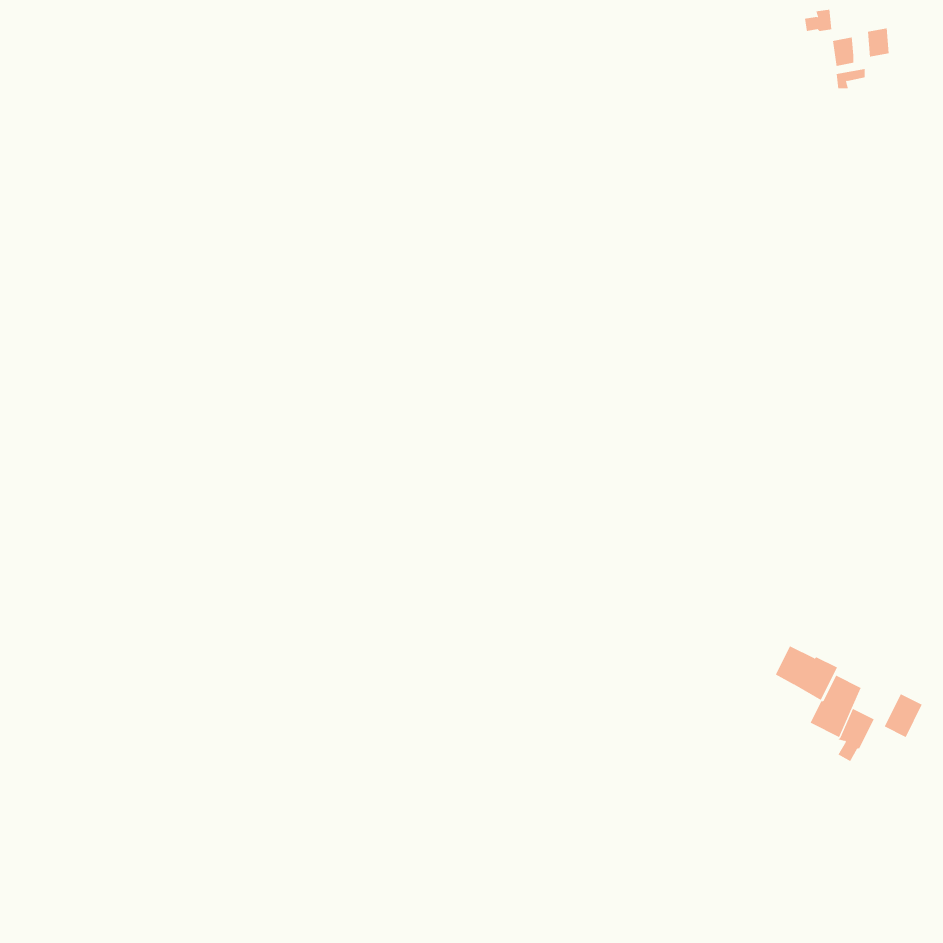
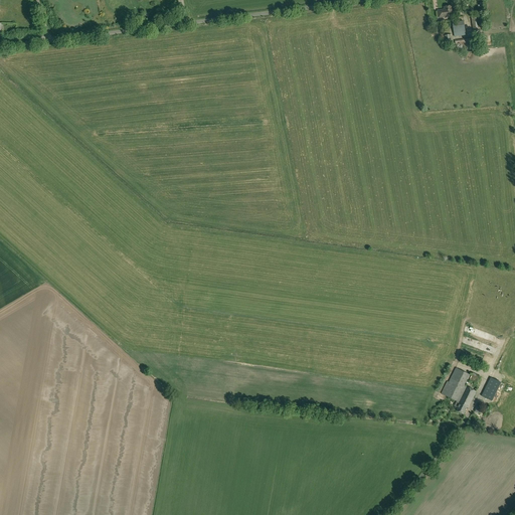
building: [775,645,838,701] -> none

